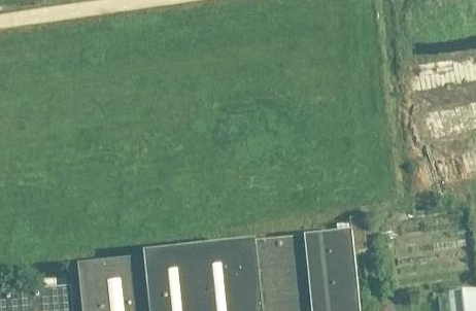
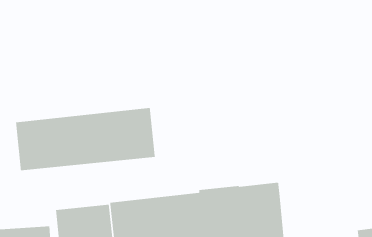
building: none -> [15,107,156,171]

